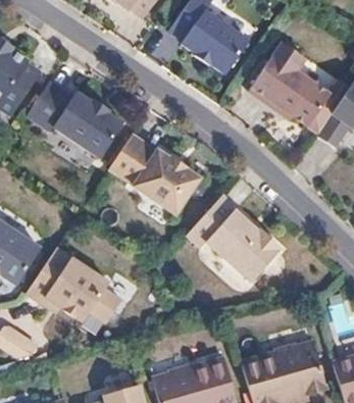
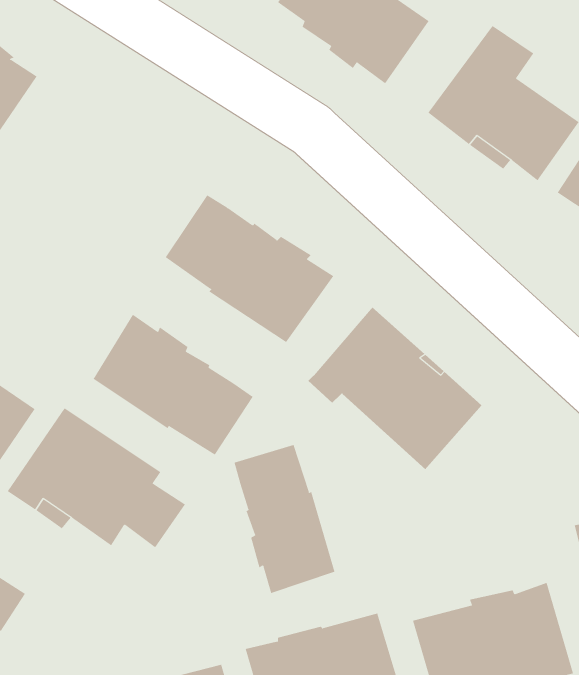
building: [27,80,123,157] -> none
building: none -> [93,314,254,455]
building: none -> [234,444,335,594]

